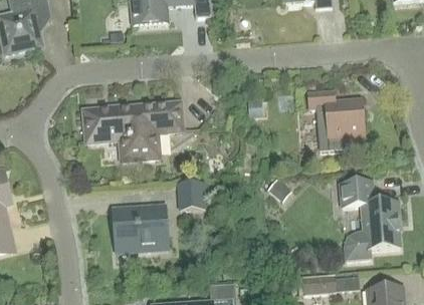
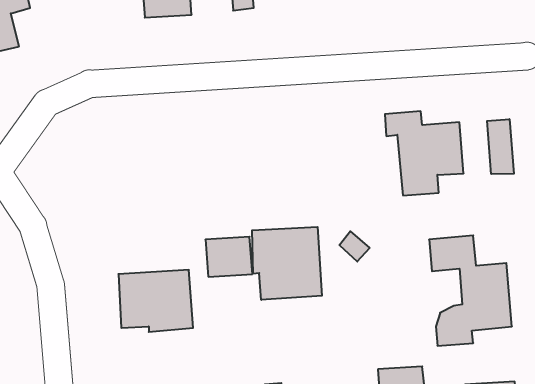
building: none -> [487,119,514,174]
building: [84,102,181,159] -> none
building: none -> [252,227,322,300]

